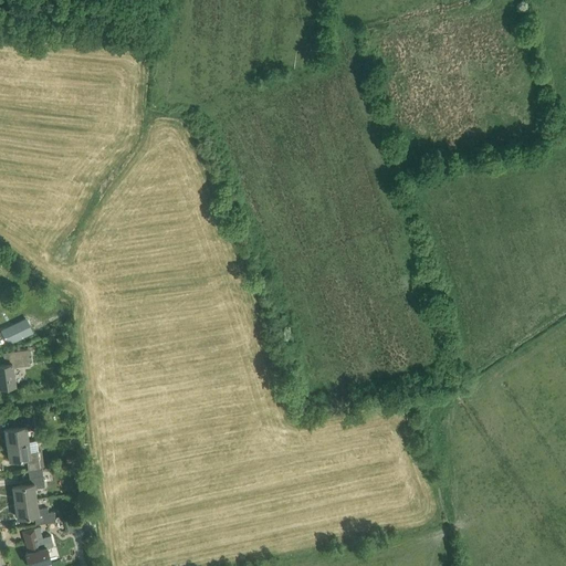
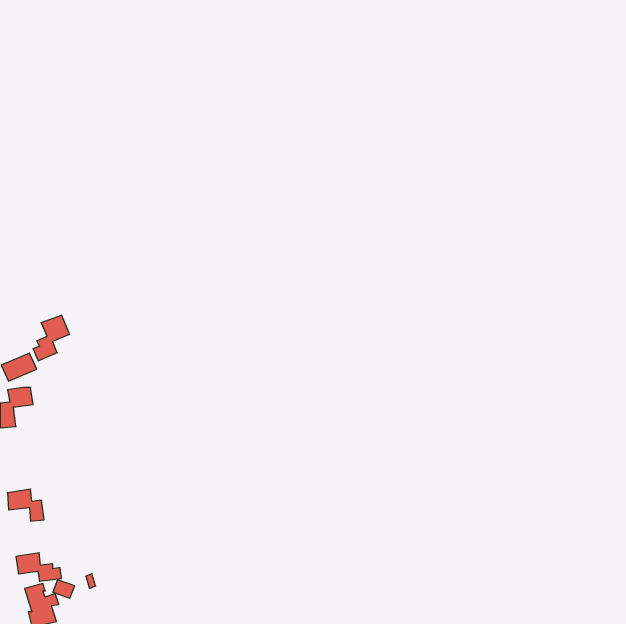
building: none -> [33,315,69,361]
building: [4,420,34,447] -> none
building: [12,471,44,504] -> none

